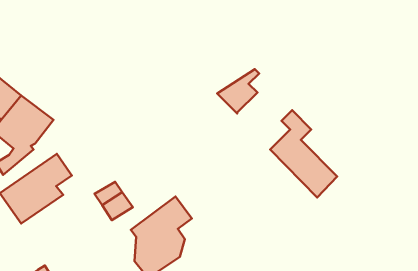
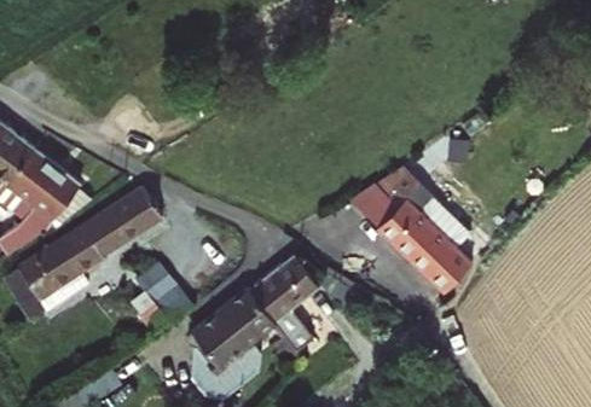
building: [217,69,259,113] -> [352,163,410,225]
building: none -> [83,188,161,256]
building: none -> [248,254,315,350]

